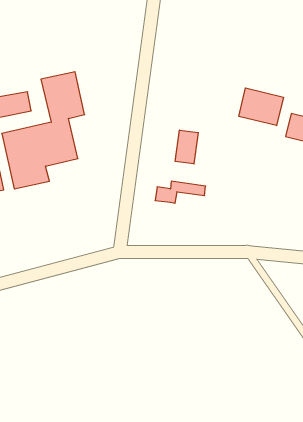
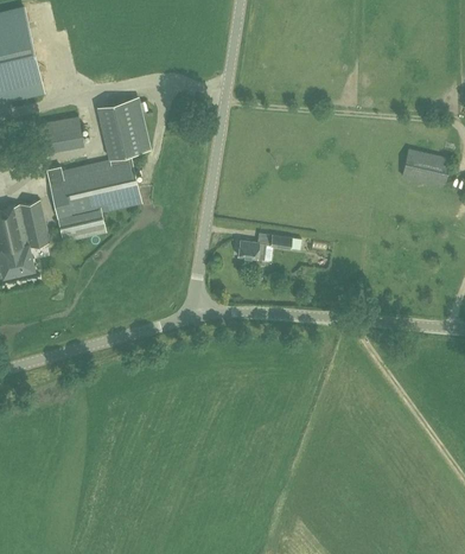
building: [239,88,283,126] -> none
building: [175,130,198,164] -> none

